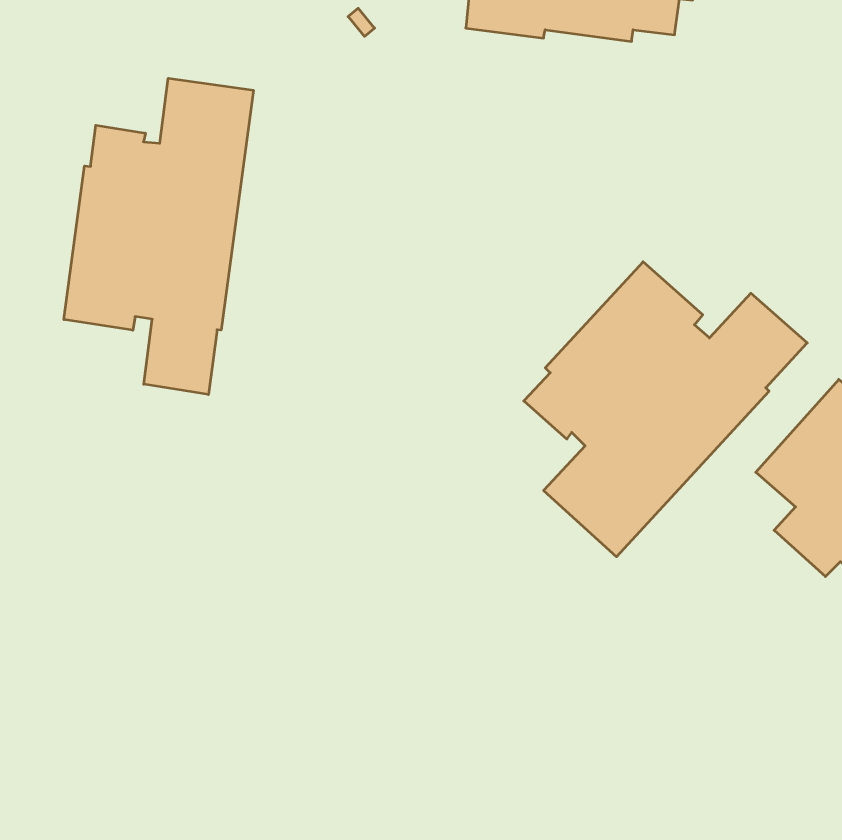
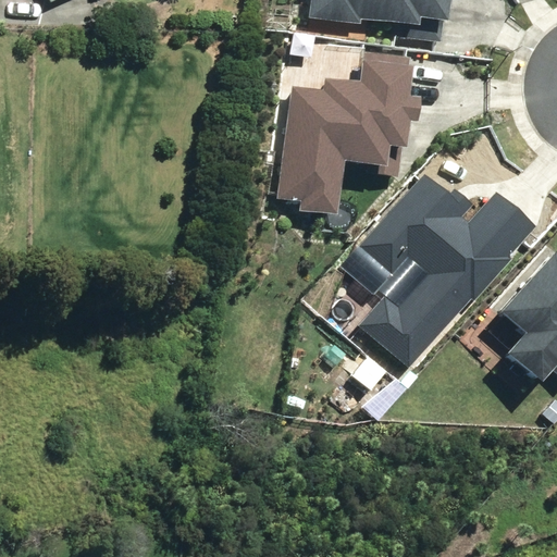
building: none -> [277,51,419,216]
building: [64,78,253,395] -> none

